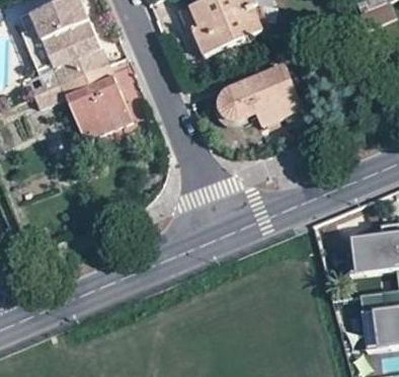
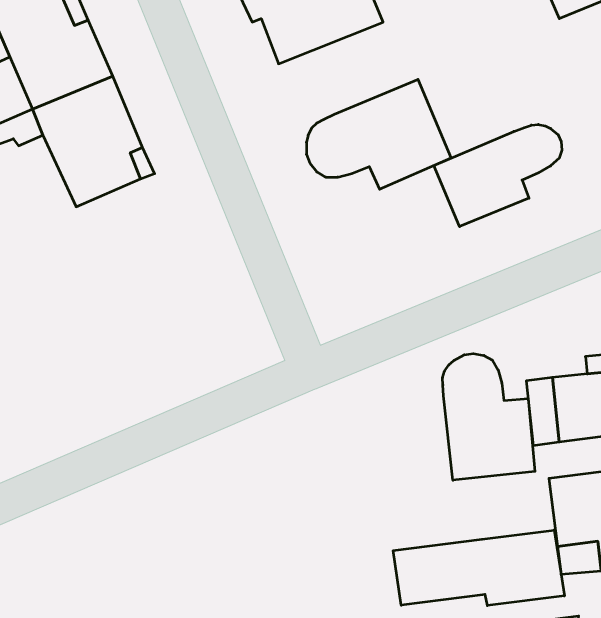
building: none -> [434,124,562,227]
building: none -> [443,354,535,480]
building: none -> [393,530,564,606]

